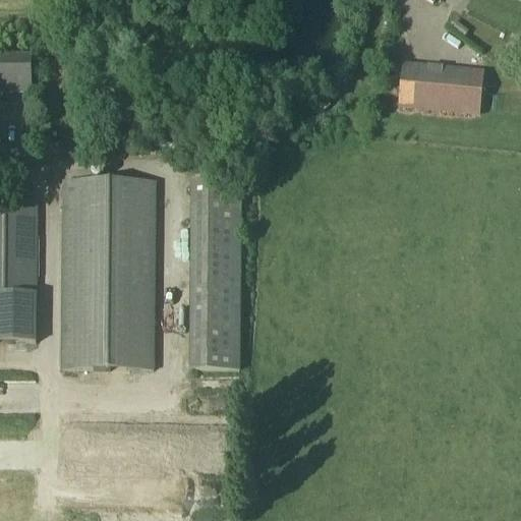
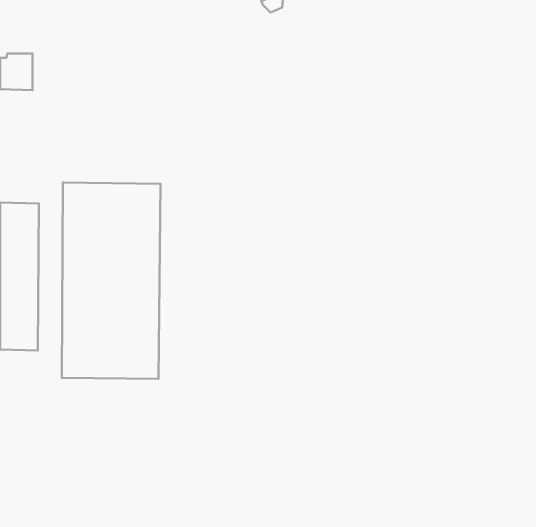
building: [397,59,484,112] -> none
building: [188,178,241,368] -> none

